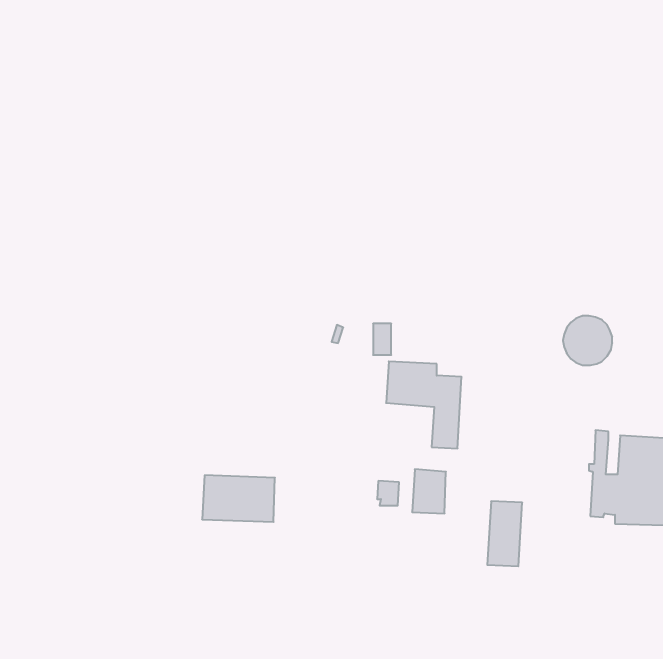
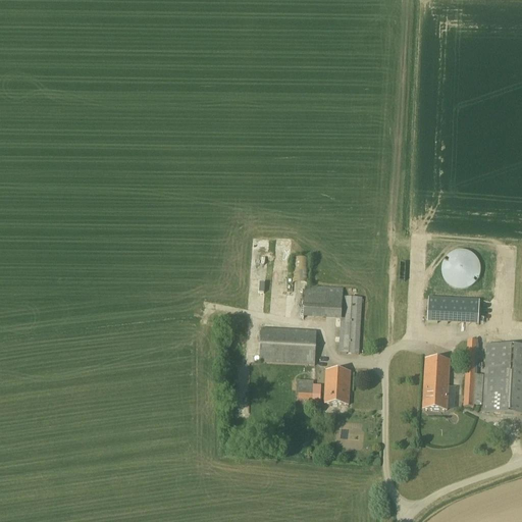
building: none -> [428,295,480,323]
building: [202,475,275,522] -> [260,326,317,363]
building: [487,501,522,566] -> [423,357,451,408]

